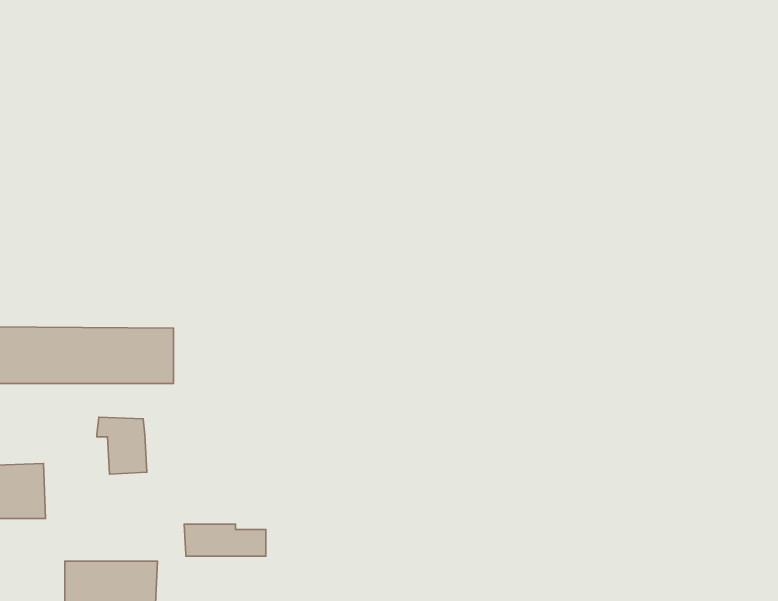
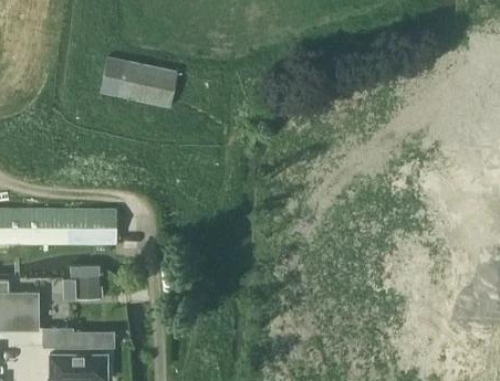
building: none -> [97,59,176,109]
building: [184,524,266,556] -> [42,328,93,348]

